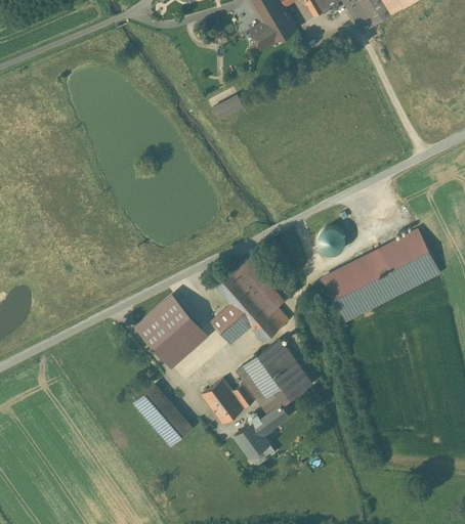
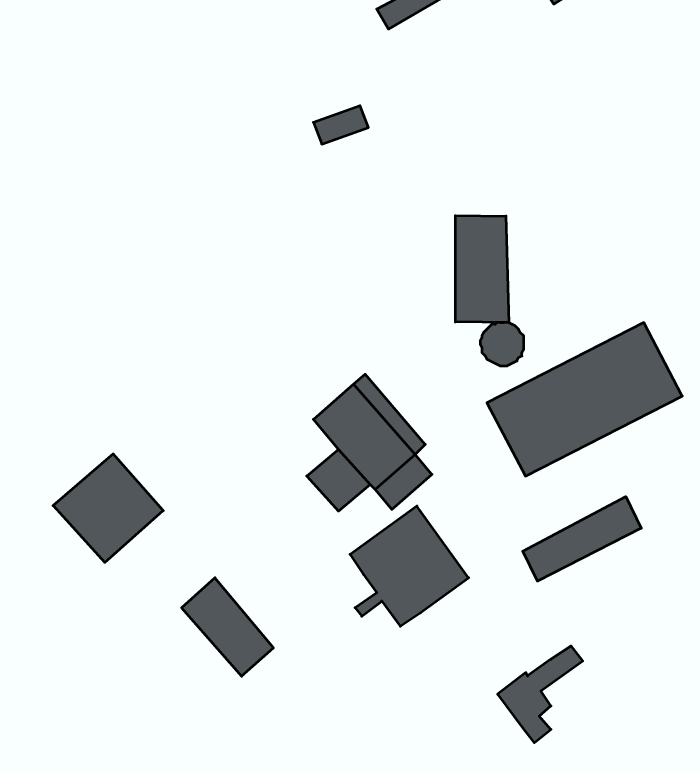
building: none -> [455,216,509,323]
building: [136,296,204,362] -> [53,454,163,562]
building: none -> [523,497,641,581]
building: [202,380,254,424] -> none
building: [236,406,288,466] -> [498,646,583,743]

